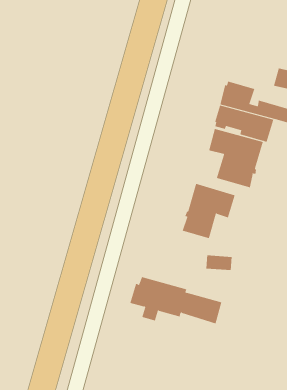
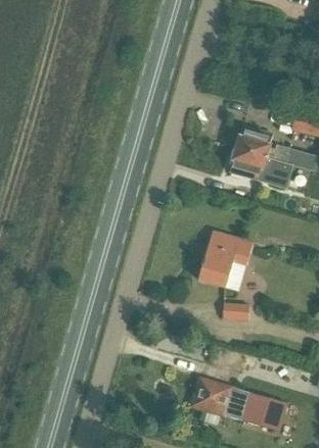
building: [209,128,263,188] -> none
building: [130,276,222,324] -> [190,379,285,428]

